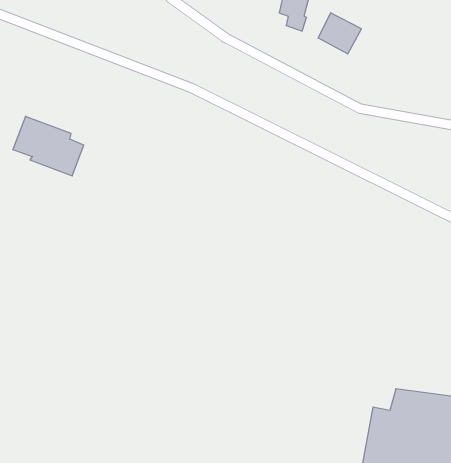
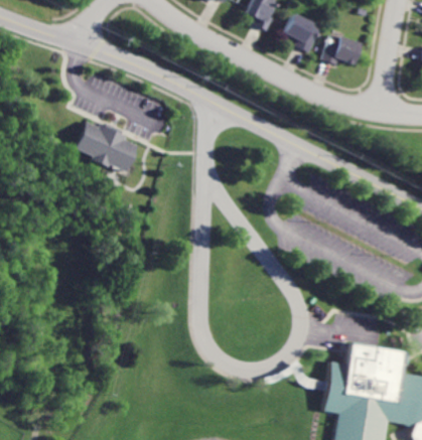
building: none -> [322,33,362,66]
building: [13,116,84,176] -> [77,120,139,172]

